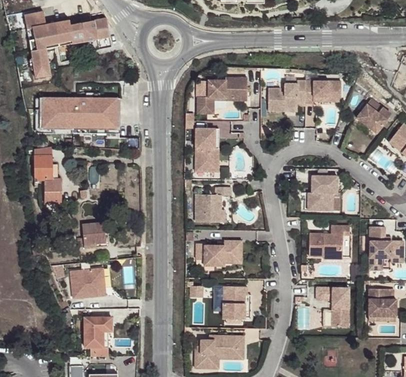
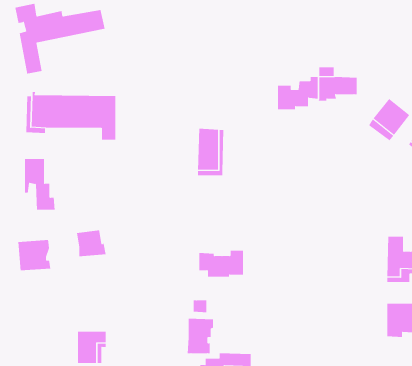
building: [197,77,247,109] -> none
building: [310,174,337,210] -> none
building: [195,186,231,223] -> none
building: [308,226,349,257] -> none
building: [69,268,100,297] -> [18,240,51,271]
building: [222,286,247,319] -> [187,318,214,354]
building: [317,288,350,327] -> none

